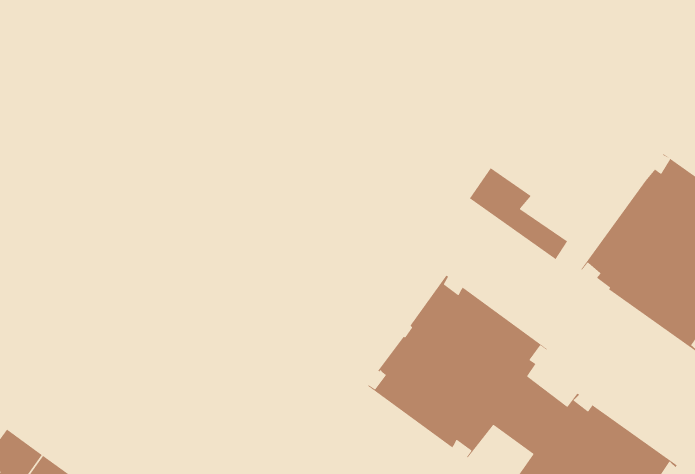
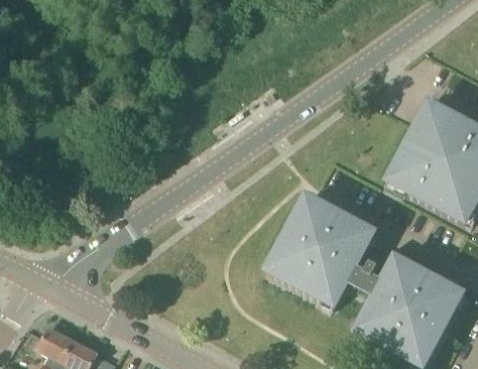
building: [469,167,568,260] -> none

